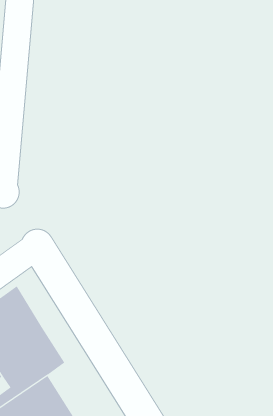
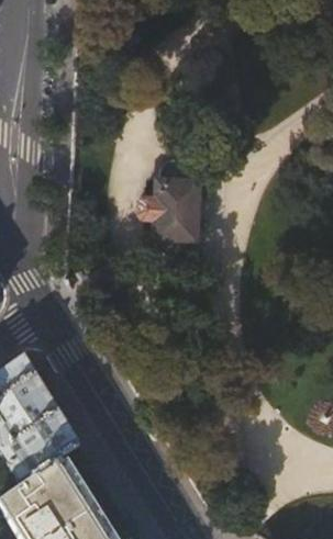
building: none -> [140,155,195,255]

